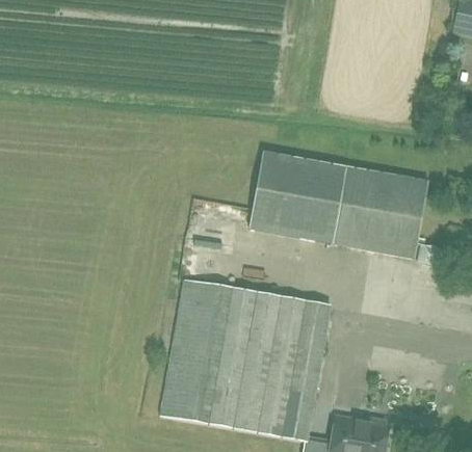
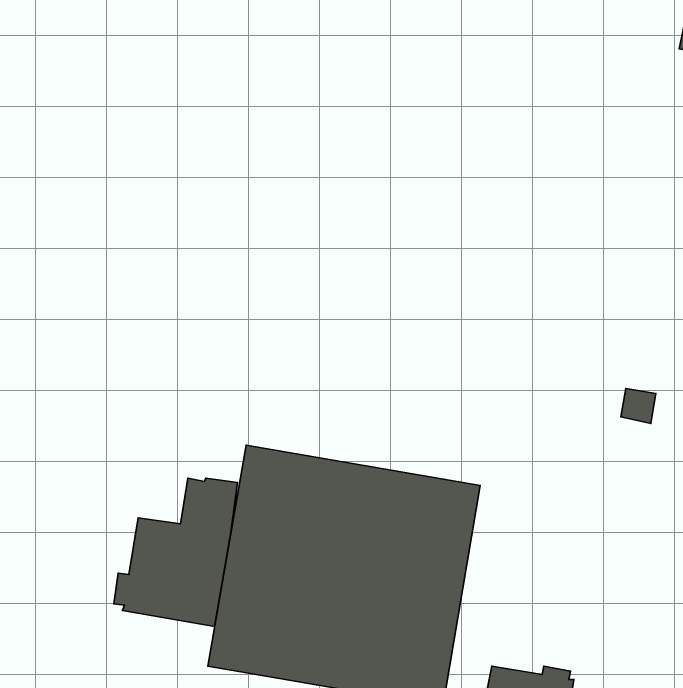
building: [248,153,427,257] -> none
building: none -> [114,478,238,626]

